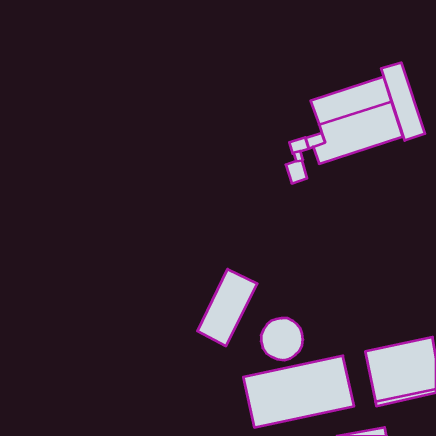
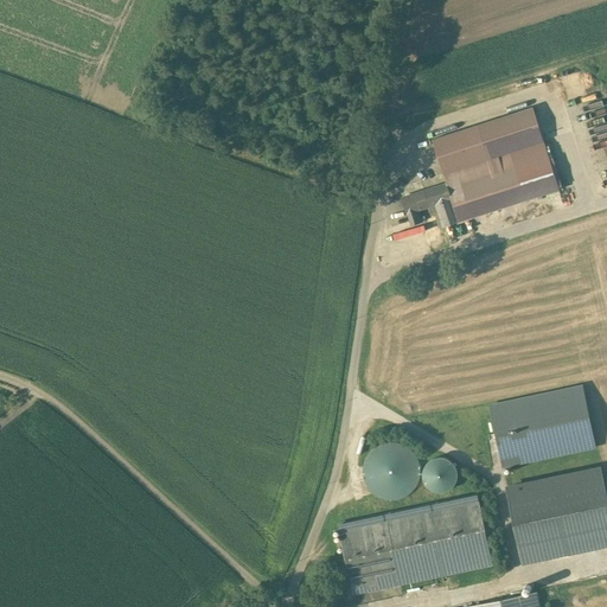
building: [381,63,425,141] -> none
building: [197,269,257,346] -> none
building: none -> [490,388,595,466]
building: none -> [422,458,458,492]

